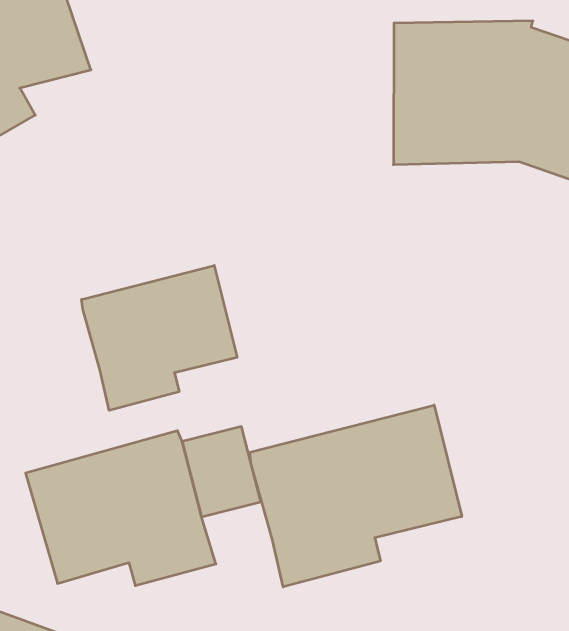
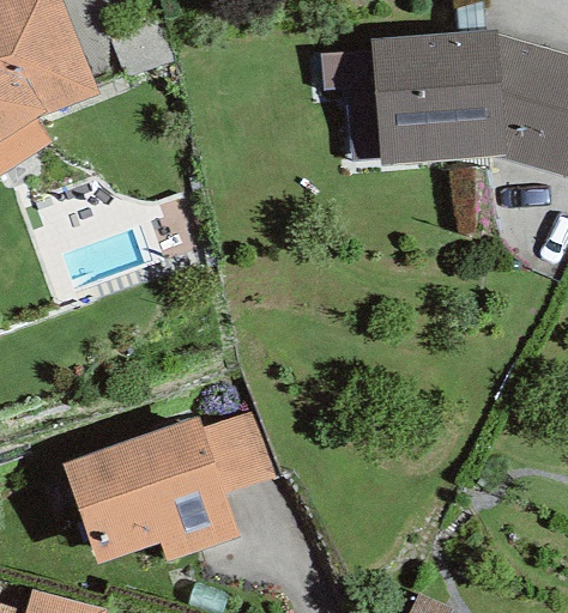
building: [82,265,237,410] -> none
building: [250,405,462,587] -> none

